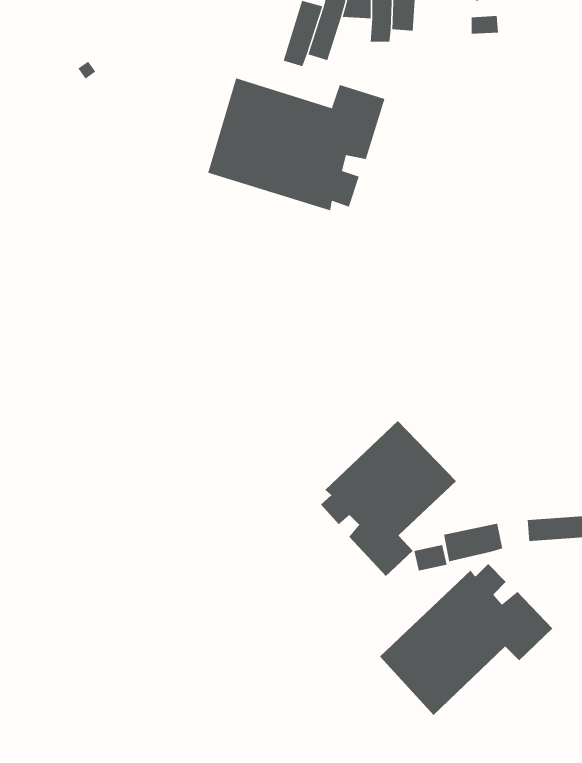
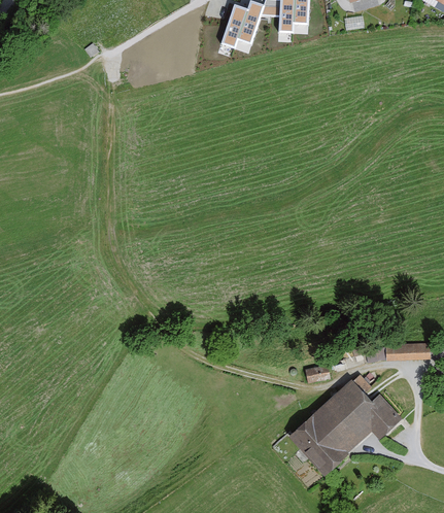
building: [208,78,385,211] -> none
building: [320,420,457,577] -> none
building: [443,523,503,562] -> none

